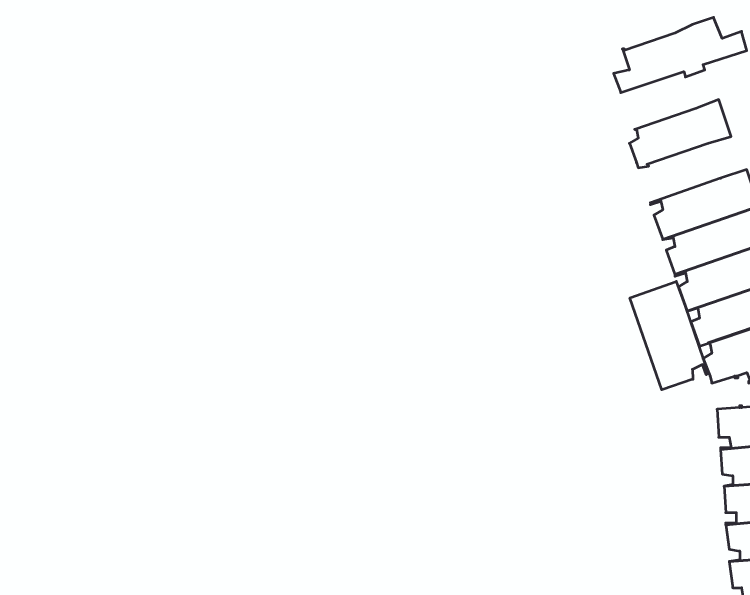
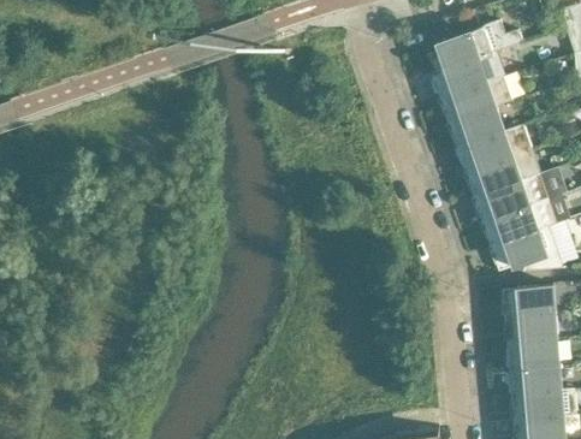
building: none -> [434,60,488,101]
building: none -> [451,109,505,150]
building: [630,281,708,390] -> none

